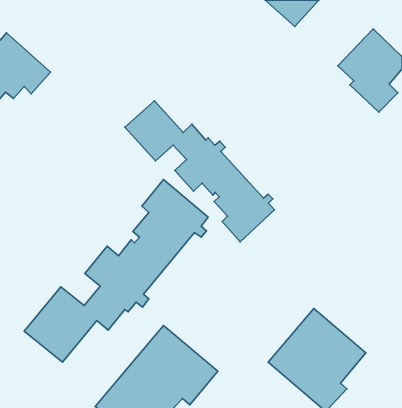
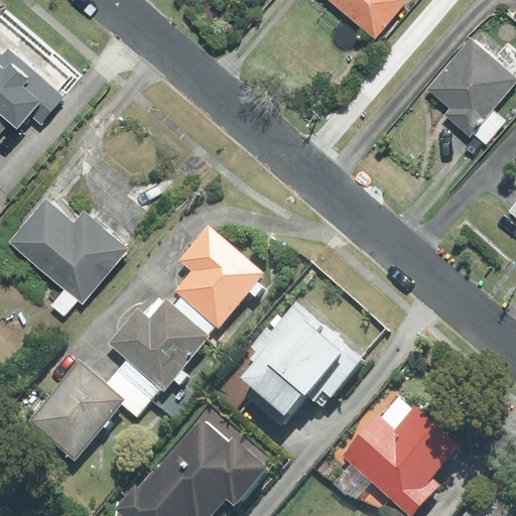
building: [125,101,275,242] -> none
building: none -> [7,192,131,311]
building: none -> [242,306,360,430]

